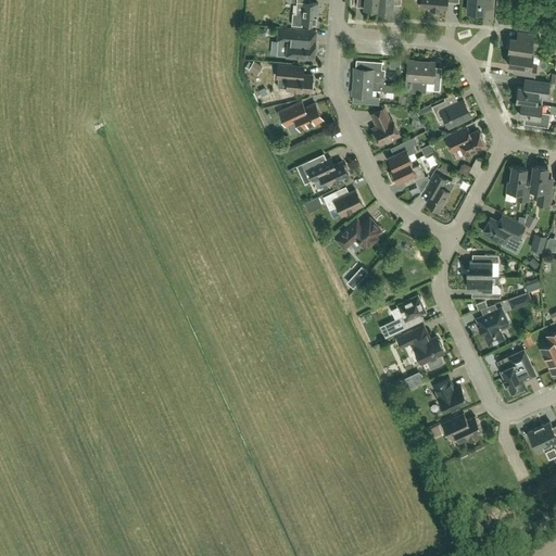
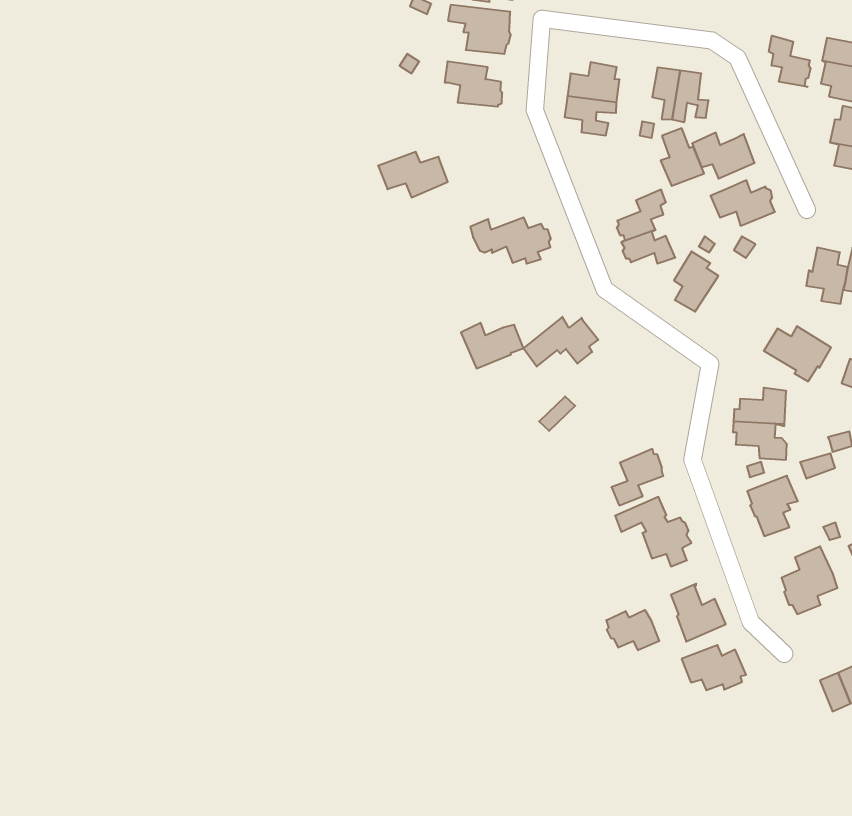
building: none -> [769,36,810,87]
building: [278,102,321,130] -> [378,152,448,198]
building: [371,109,399,144] -> [661,128,704,186]
building: [323,191,362,219] -> [461,323,524,369]
building: none -> [606,610,659,650]

